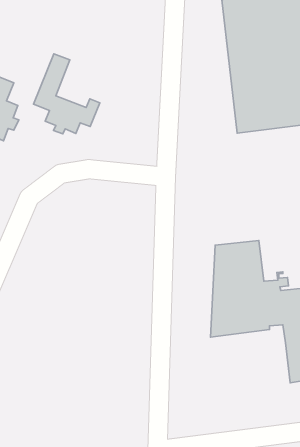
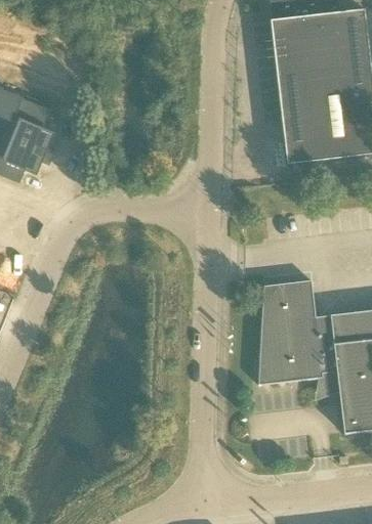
building: [33,54,100,134] -> none

